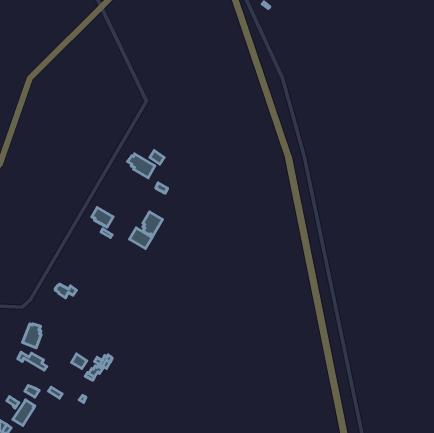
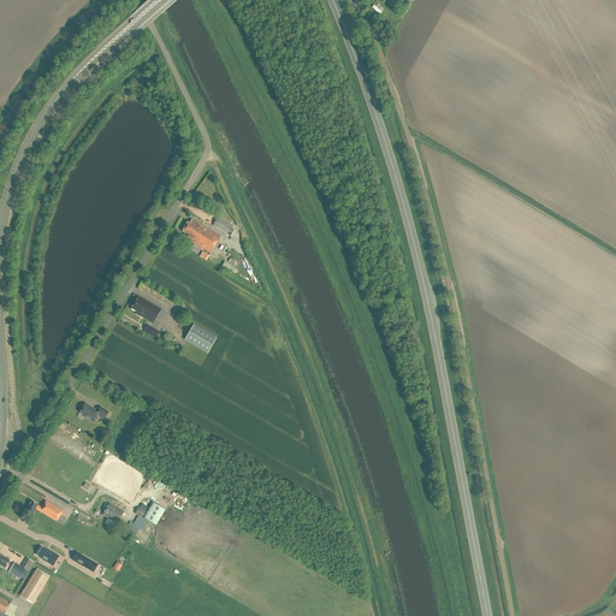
building: [143,212,163,236] -> none
building: [22,324,41,348] -> none

